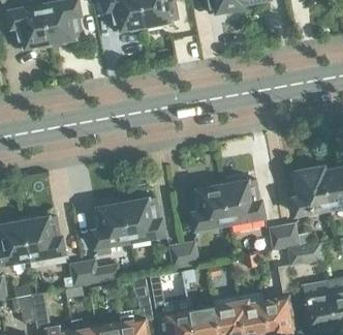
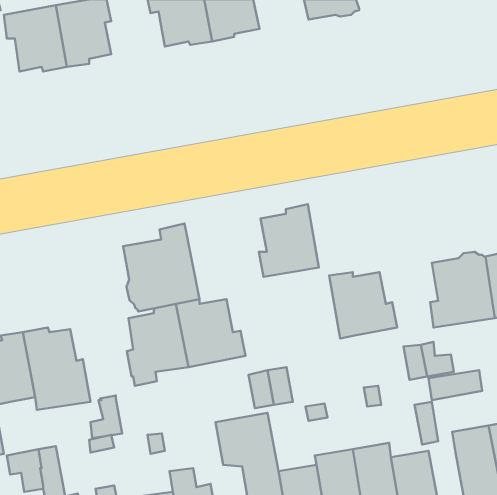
building: none -> [123,224,200,311]
building: [190,182,229,230] -> [259,204,319,277]
building: [83,260,120,285] -> none

